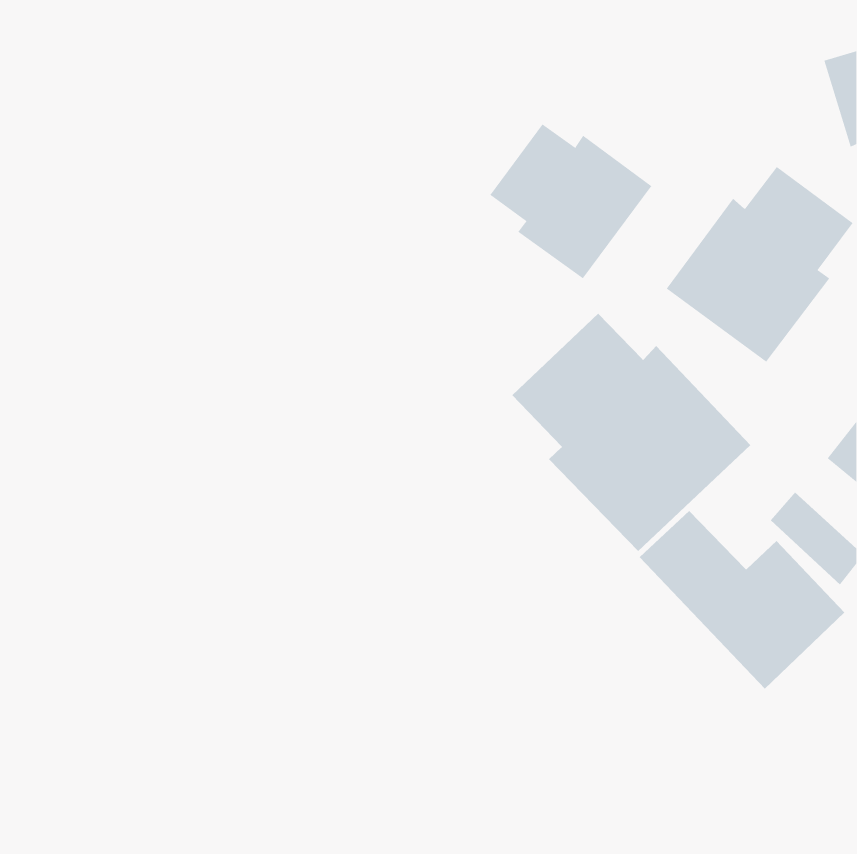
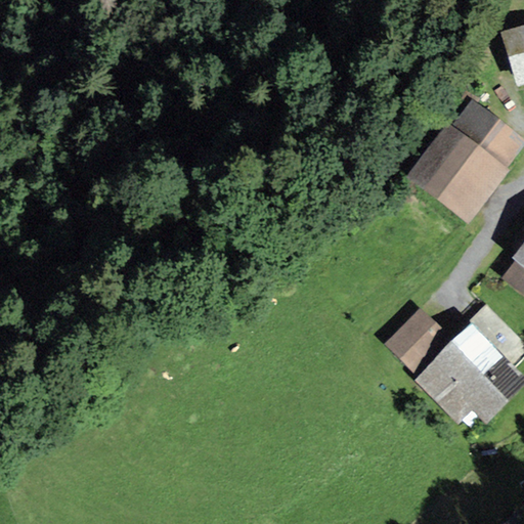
building: [489,123,652,279] -> none
building: [511,313,751,552] -> none

